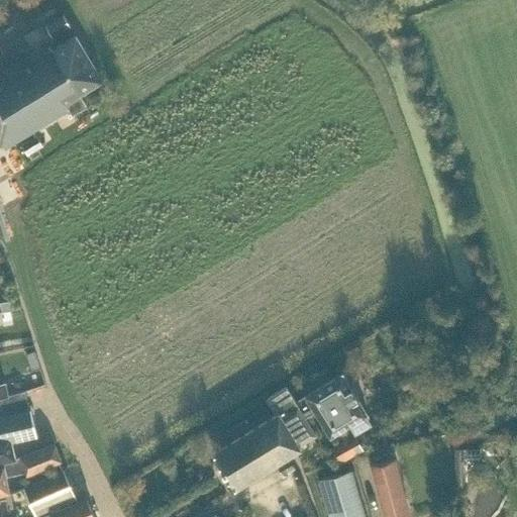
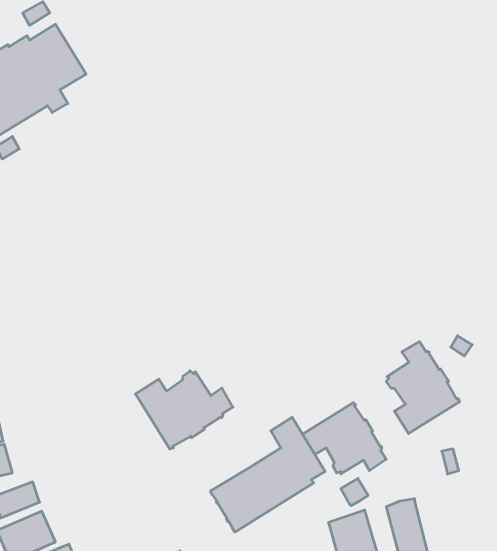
building: none -> [386,342,459,434]
building: none -> [135,371,233,449]

